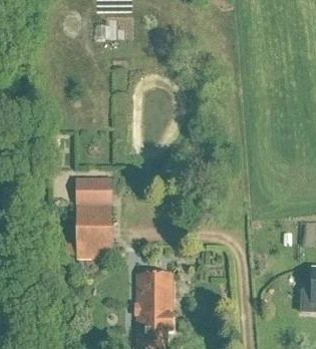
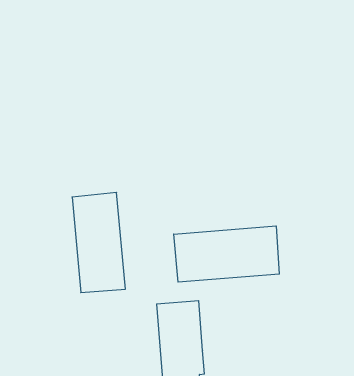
building: none -> [174,226,279,282]

